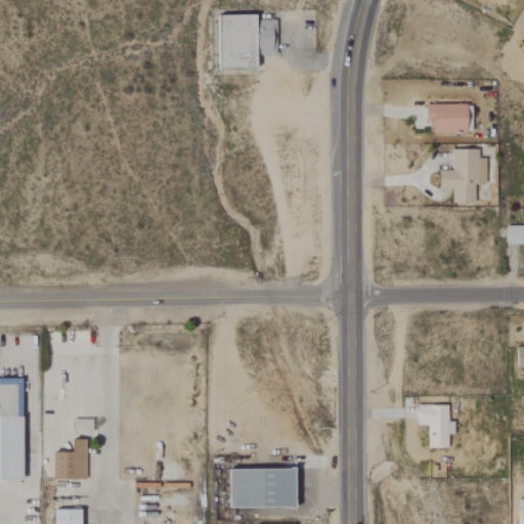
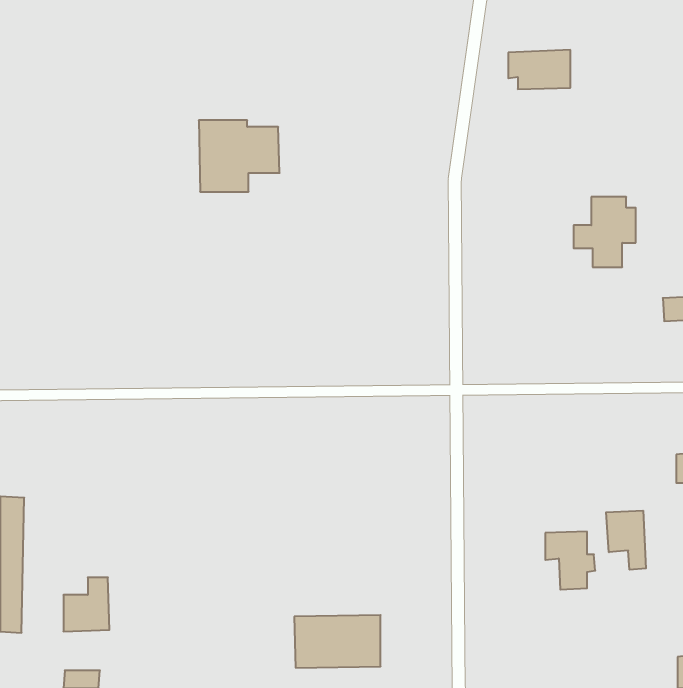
building: [218,14,279,69] -> [199,120,280,192]
building: [427,103,474,133] -> [508,50,570,89]
building: none -> [606,511,646,570]

